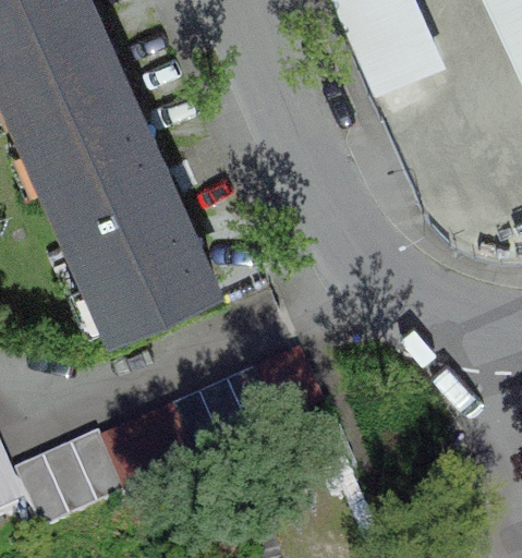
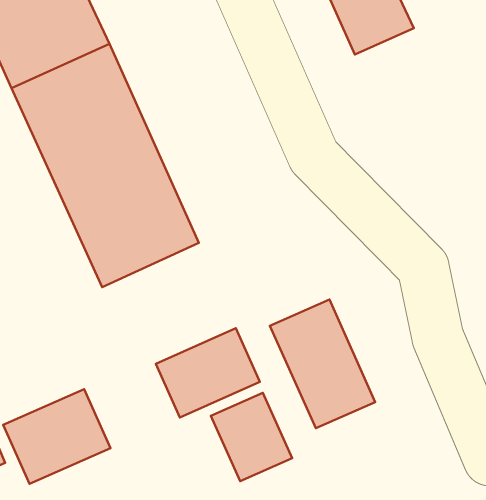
building: none -> [270,299,375,428]
building: none -> [211,393,292,481]

